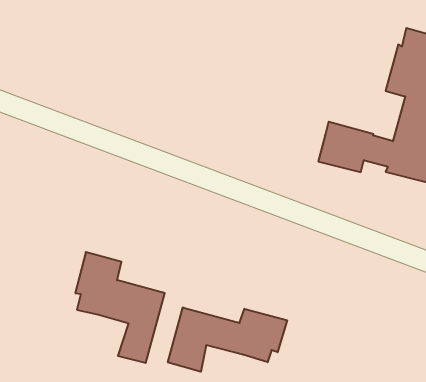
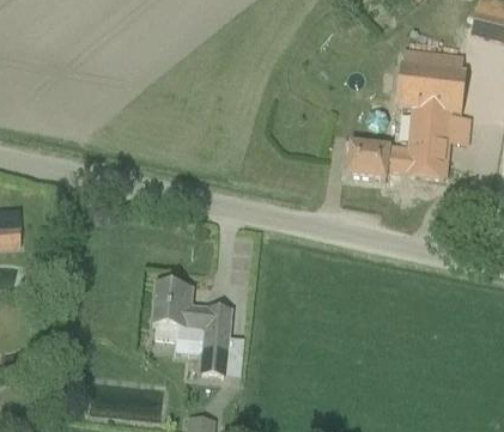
building: [168,307,287,372] -> none

